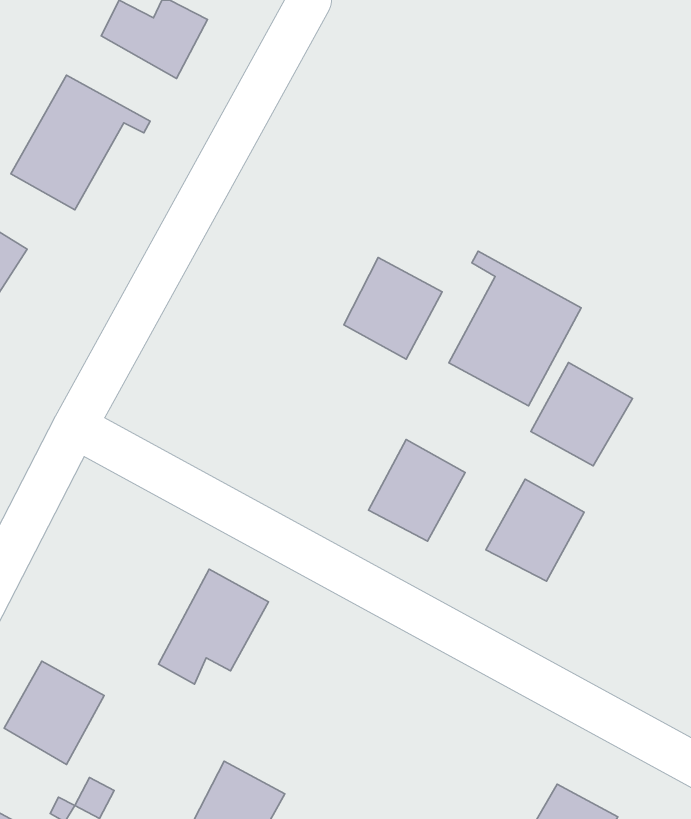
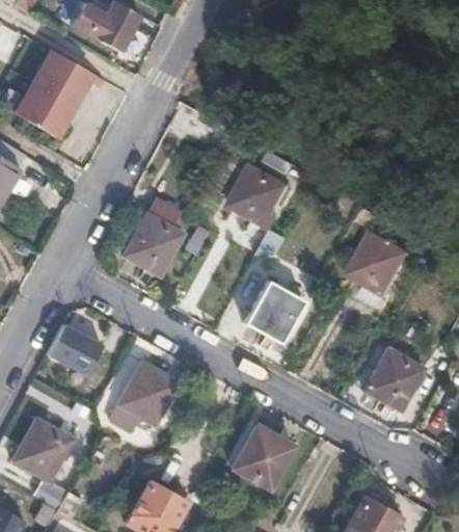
building: [449,251,581,406] -> none
building: none -> [123,193,184,275]
building: [486,479,584,581] -> [363,347,426,411]
building: none -> [49,324,104,375]
building: none -> [234,426,295,490]

